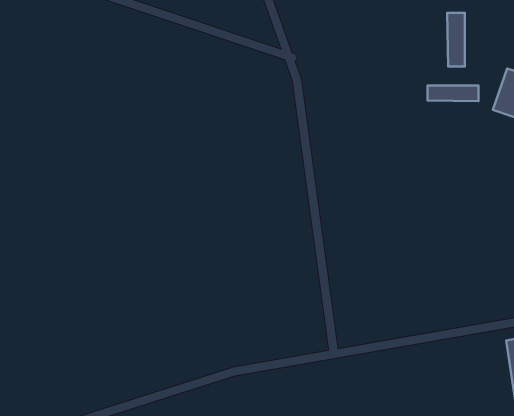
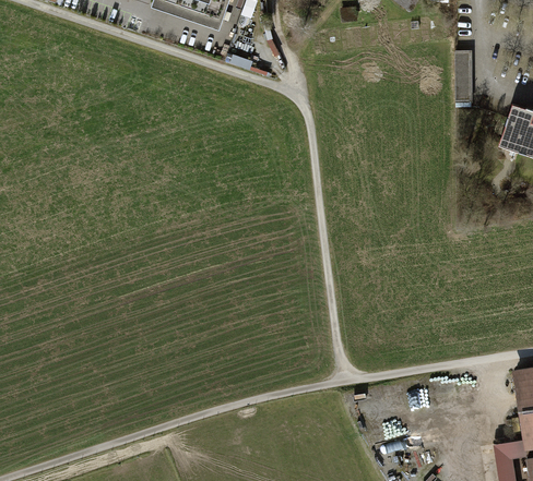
building: [428,86,478,101] -> none

